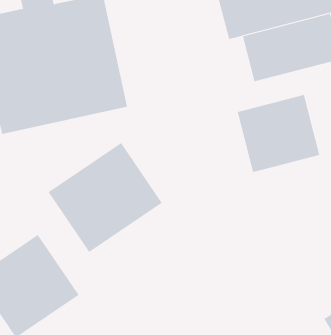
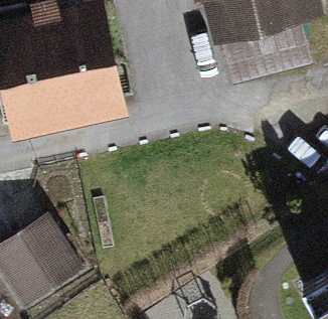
building: [237,94,320,173] -> none
building: [48,142,163,253] -> none

